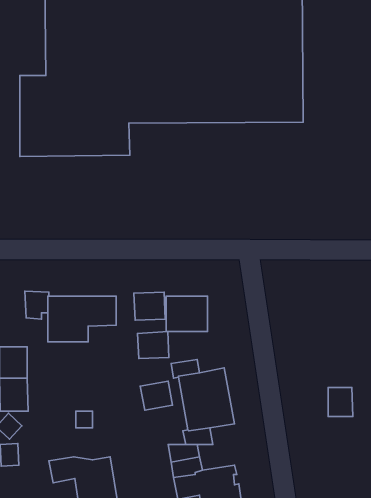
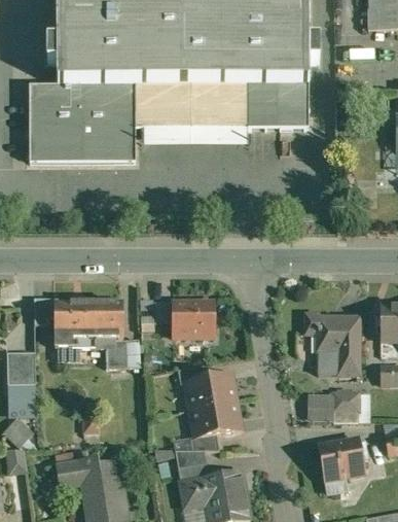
building: none -> [306,314,358,375]
building: [138,331,169,358] -> [108,340,139,367]
building: [140,381,172,410] -> none
building: none -> [310,393,333,422]
building: none -> [318,439,365,480]

